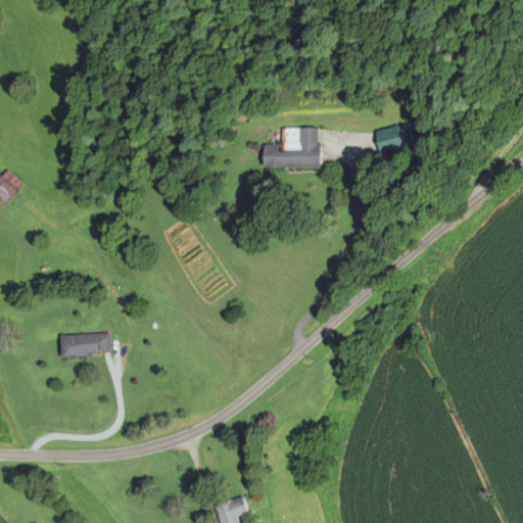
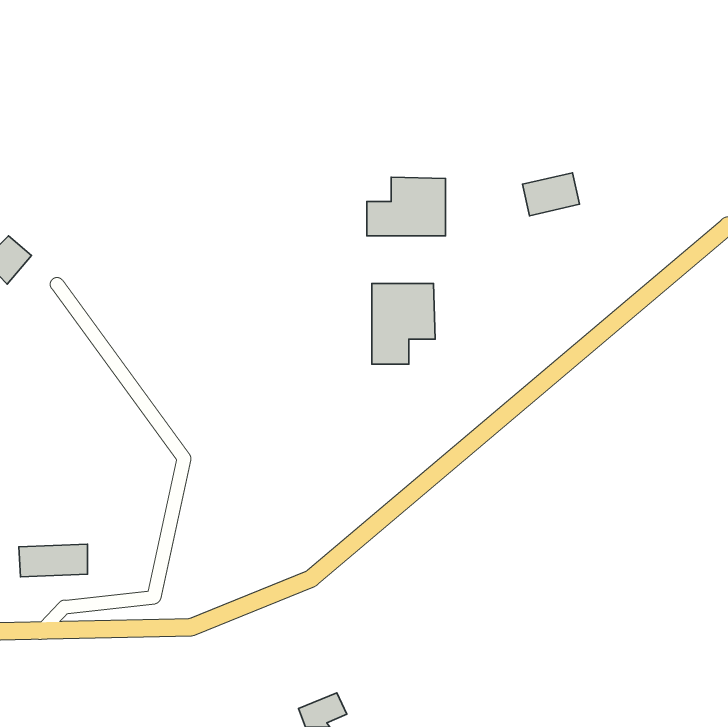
building: none -> [372,283,435,364]
building: [59,333,108,356] -> [19,544,87,577]

